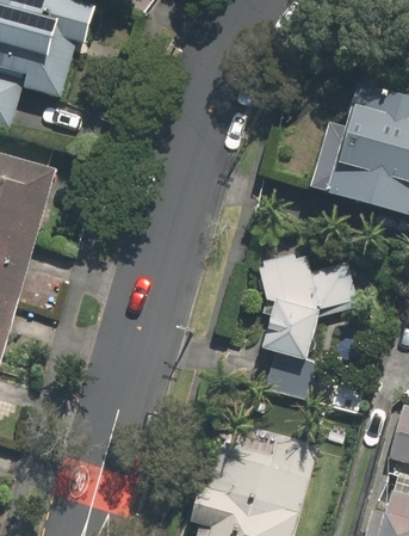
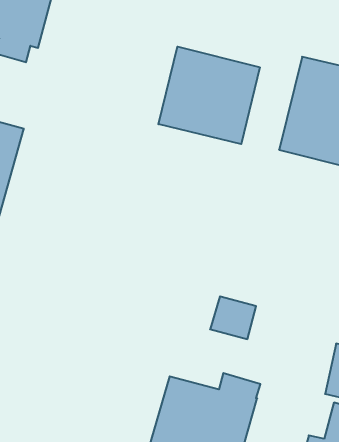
building: none -> [158,47,260,144]
building: [256,252,354,358] -> none

